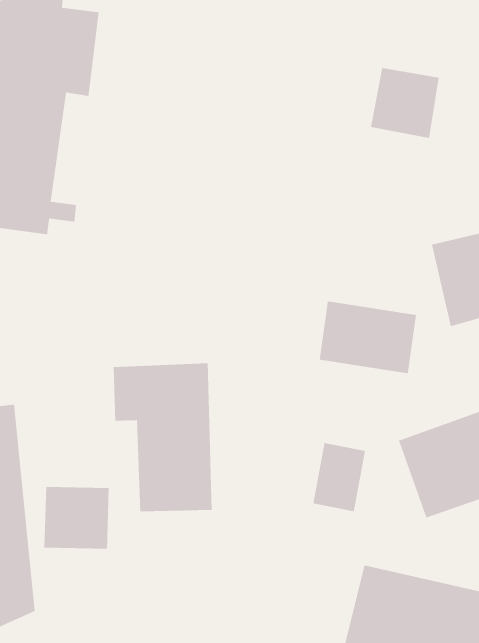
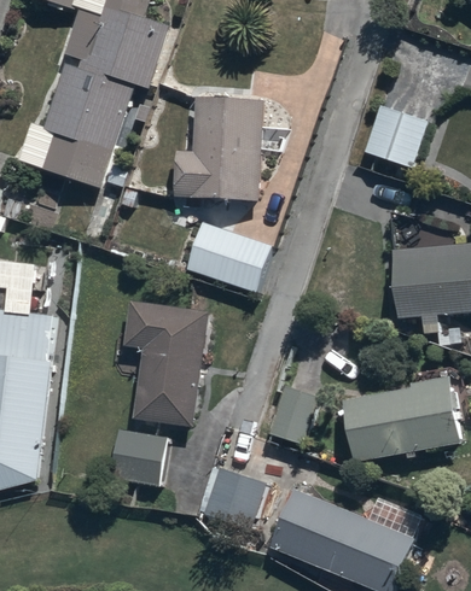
building: none -> [171,96,261,199]
building: [319,301,417,374] -> [187,223,269,291]
building: [44,487,110,549] -> [107,431,167,487]
building: none -> [202,468,264,531]

